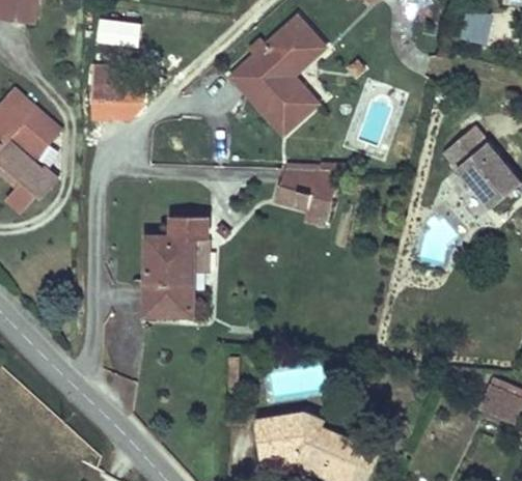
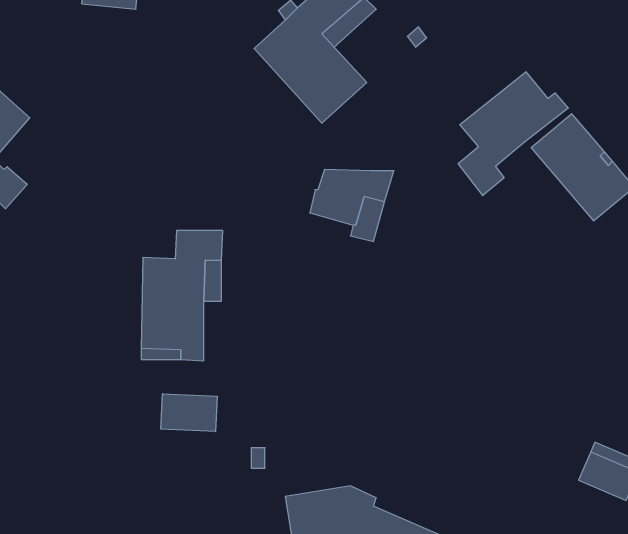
building: [92,85,123,117] -> none
building: none -> [458,72,568,196]
building: none -> [161,394,217,432]

